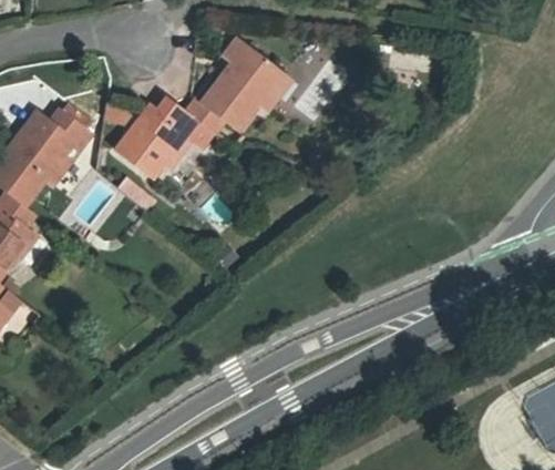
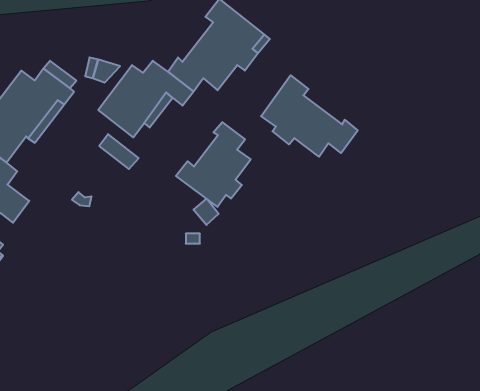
building: none -> [261,75,358,157]
building: none -> [176,122,251,207]

